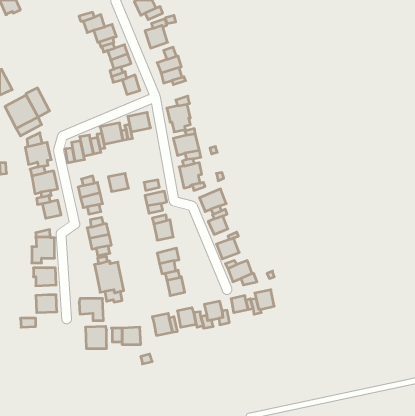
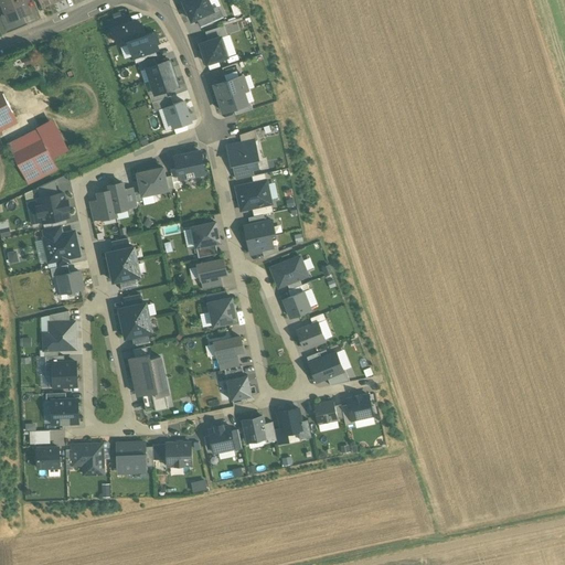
building: [108,173,129,191] -> [191,223,218,247]
building: [79,299,103,321] -> [71,445,104,475]
building: none -> [36,448,58,468]

